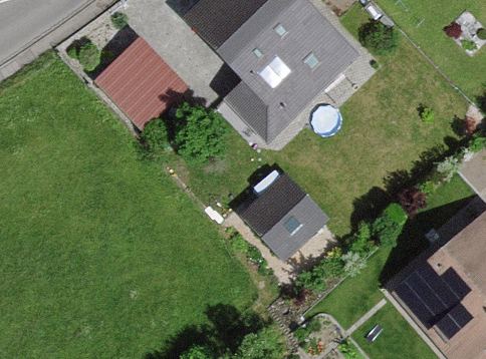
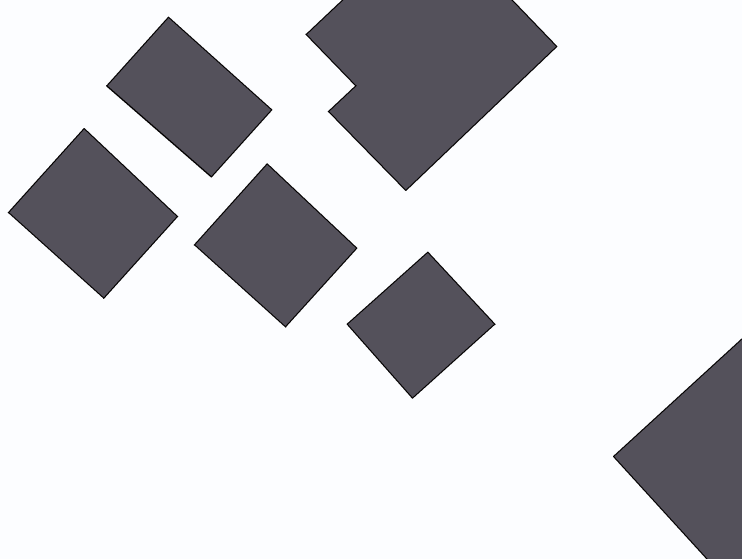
building: none -> [8,129,178,298]
building: none -> [194,164,357,327]

